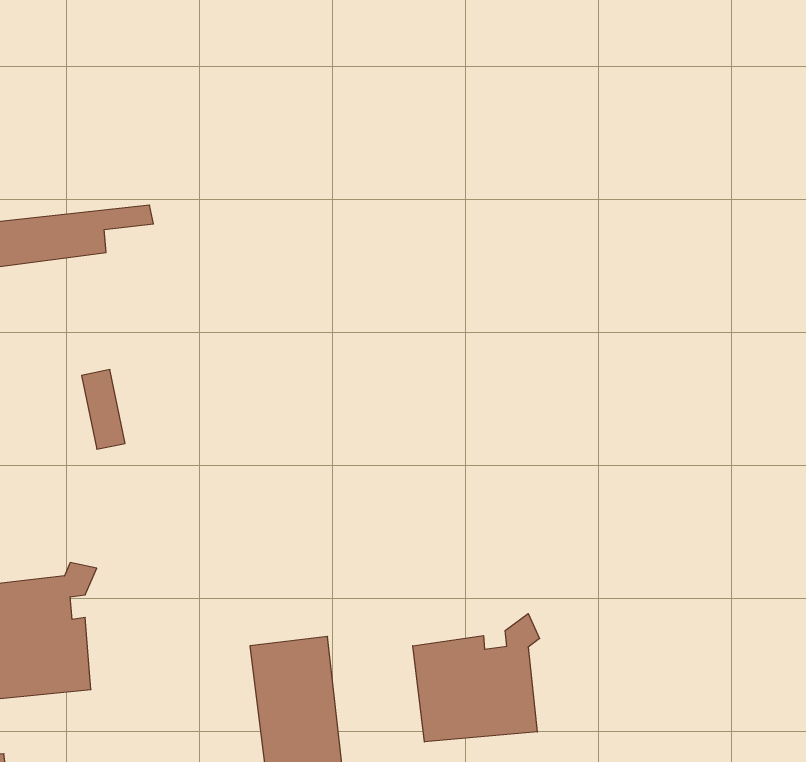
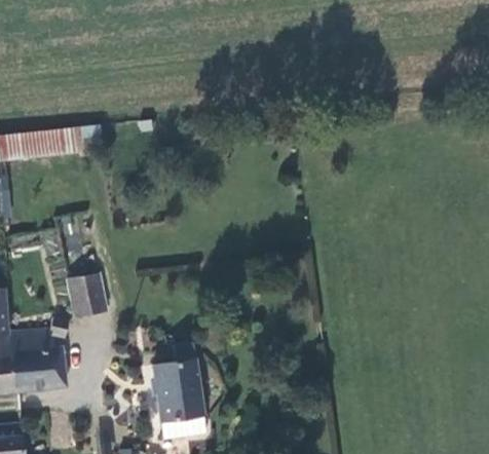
building: none -> [69,274,108,316]
building: [413,614,540,742] -> none

